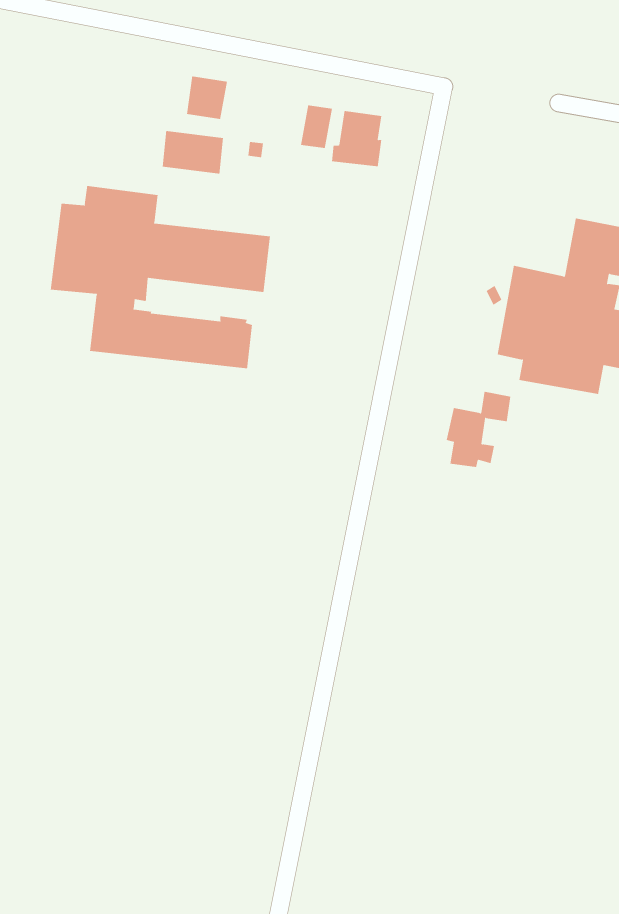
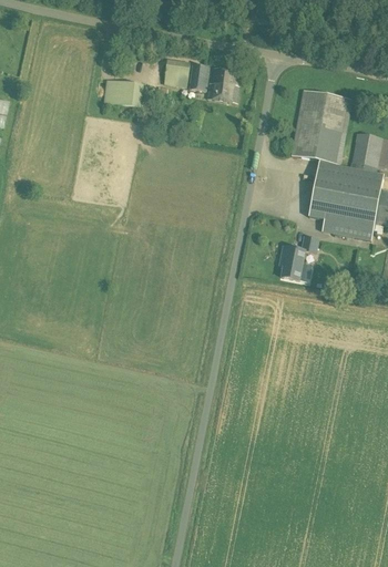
building: [186,76,228,120] -> [164,60,190,86]
building: none -> [290,91,350,164]
building: [50,185,271,369] -> none

